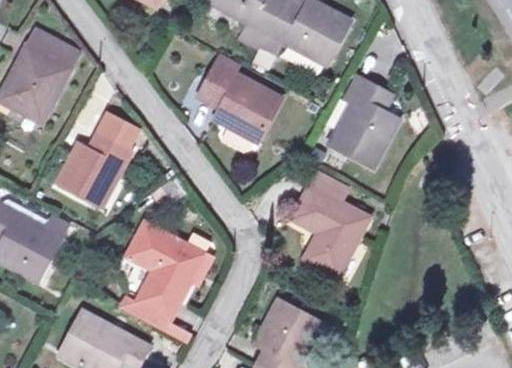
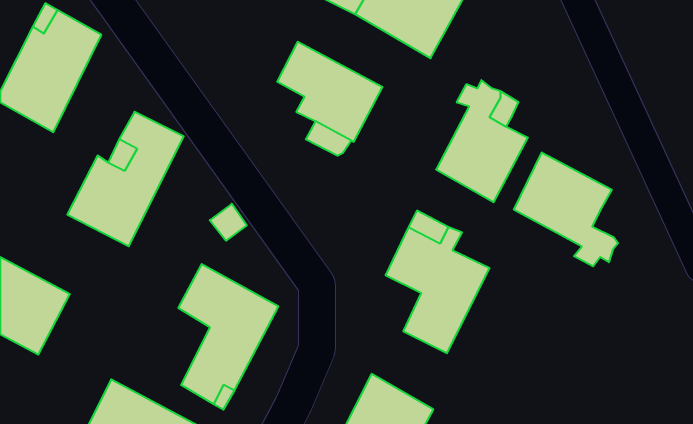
building: none -> [514,152,618,266]

